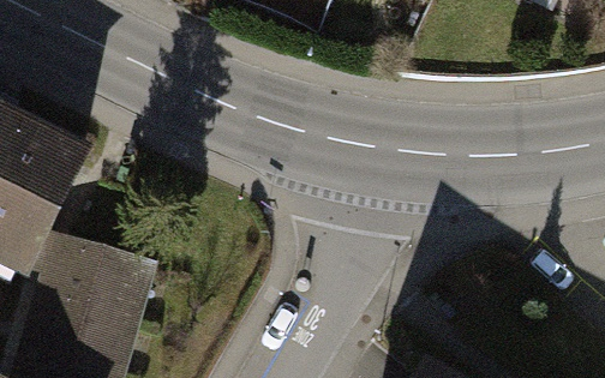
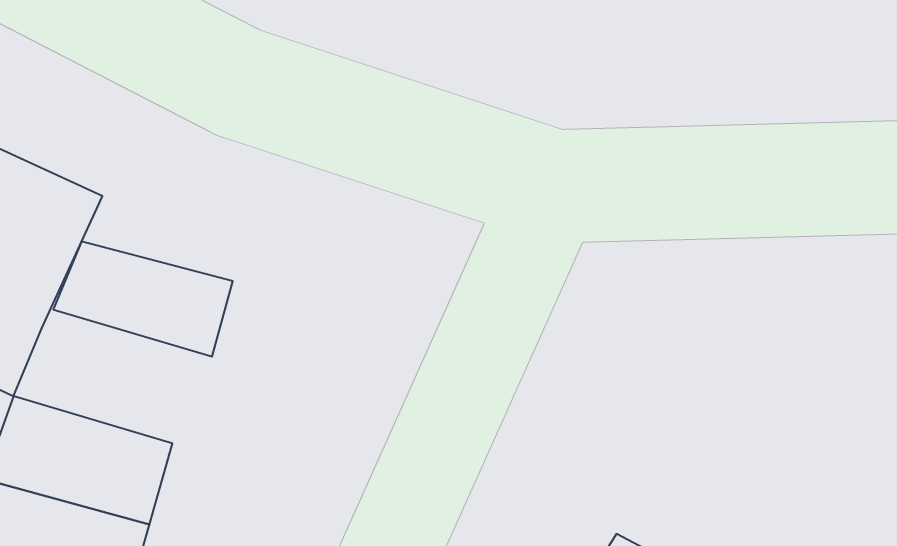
building: [38,236,152,310] -> [53,241,233,357]

